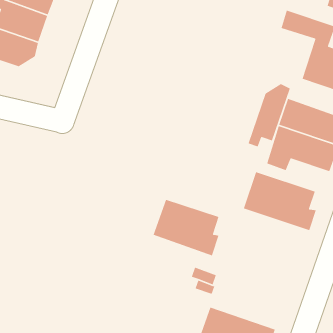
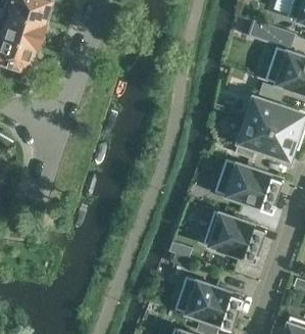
building: [247,83,291,147] -> none
building: [152,199,220,256] -> [202,211,260,261]

